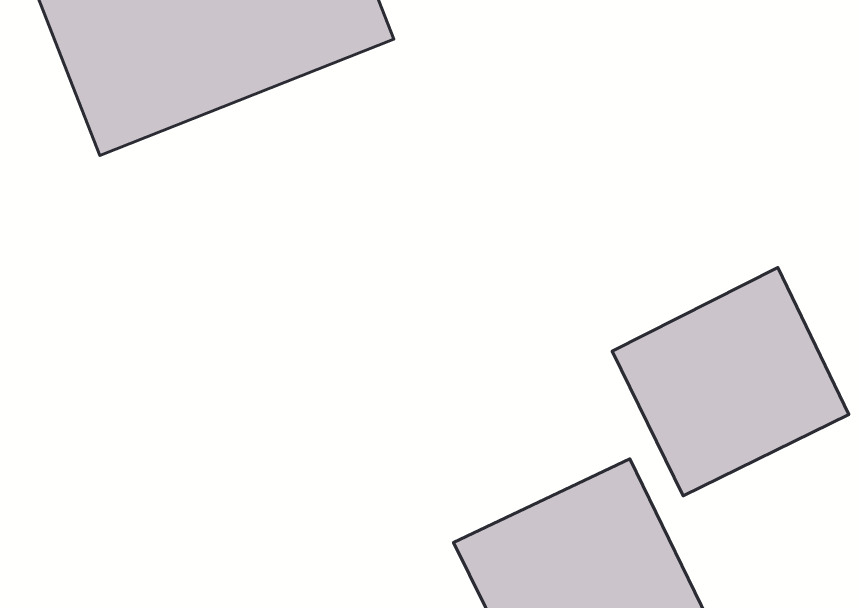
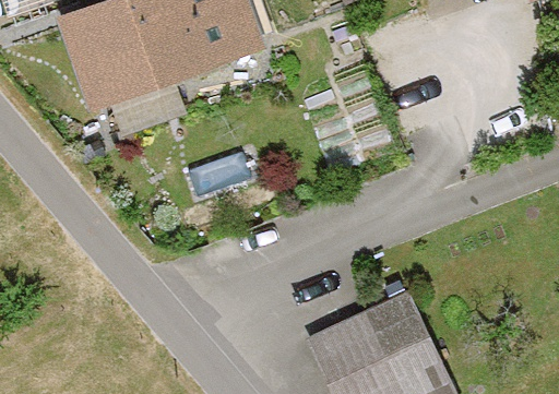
building: [612,268,849,496] -> none

